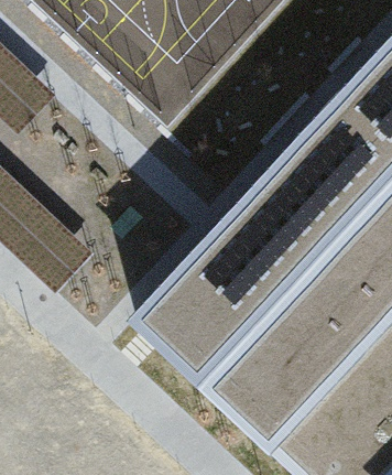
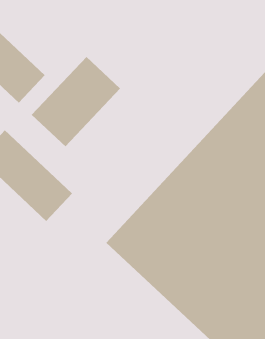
building: none -> [31,56,121,147]

